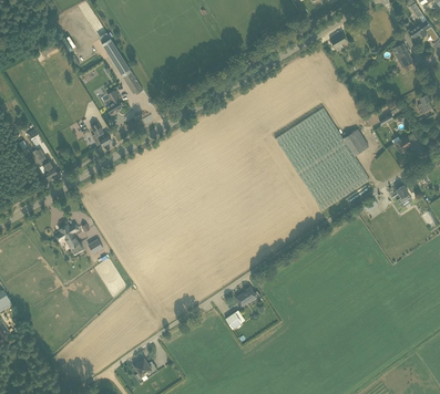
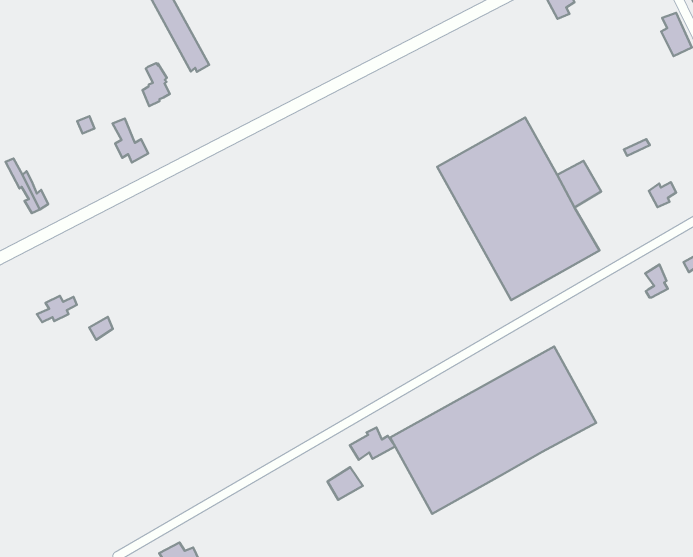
building: none -> [390,346,596,514]

